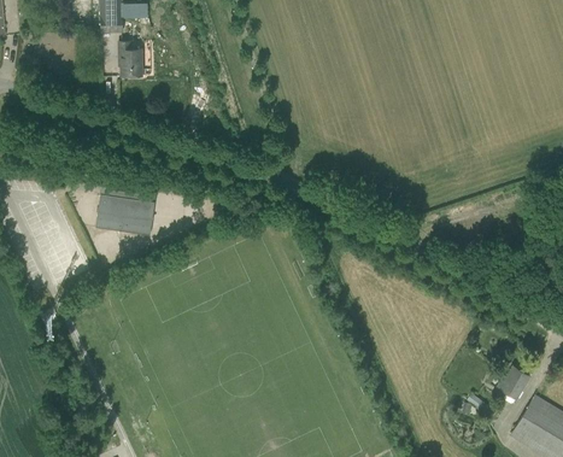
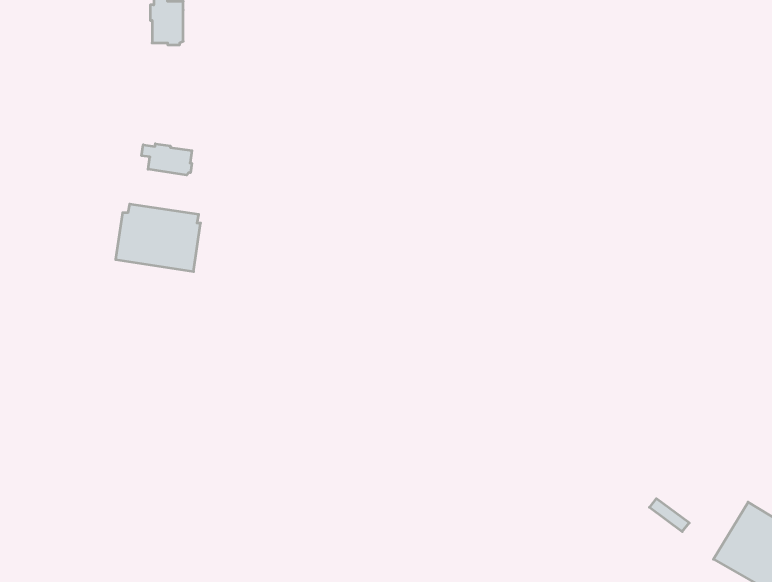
building: none -> [142,144,192,175]
building: [498,365,529,403] -> none

